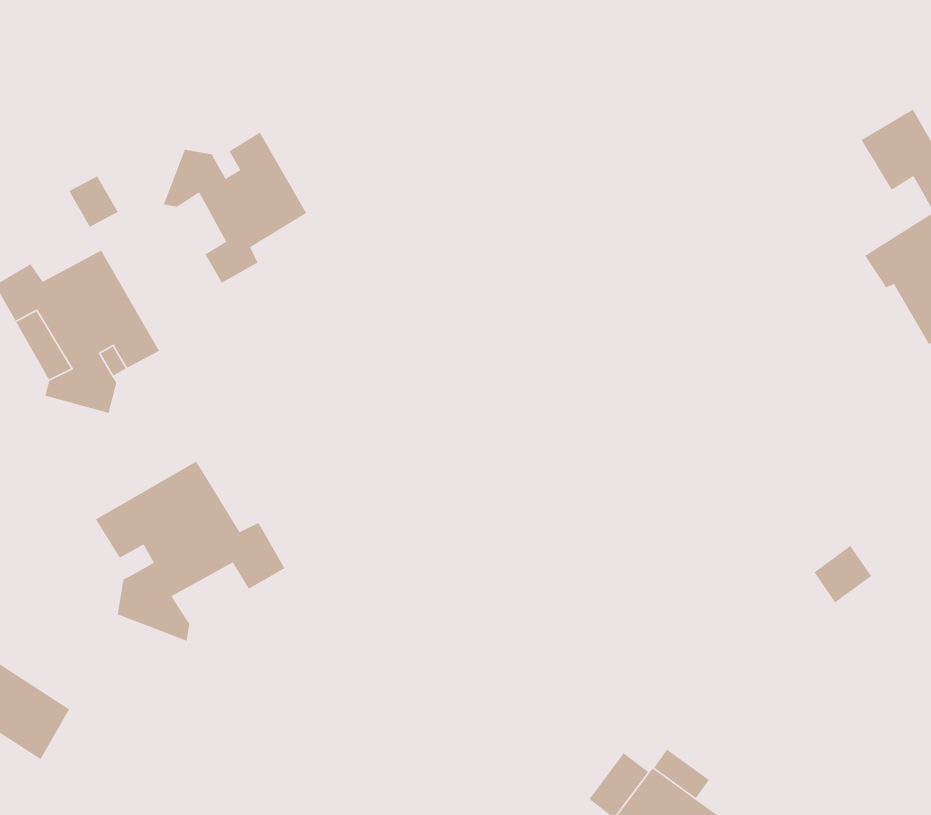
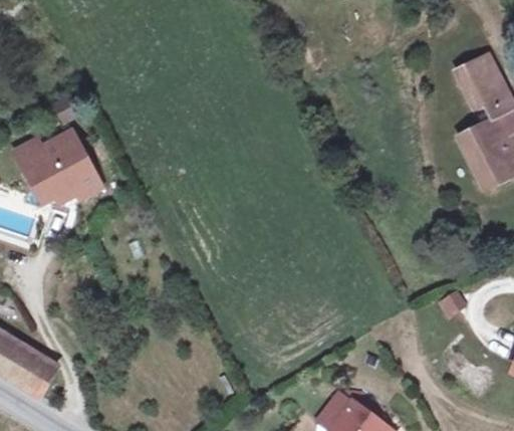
building: [163,132,307,284] -> none
building: [95,460,286,642] -> none

